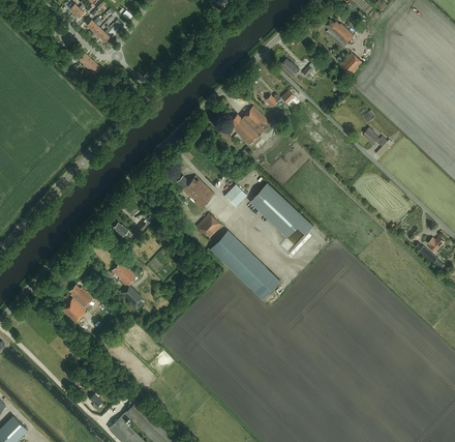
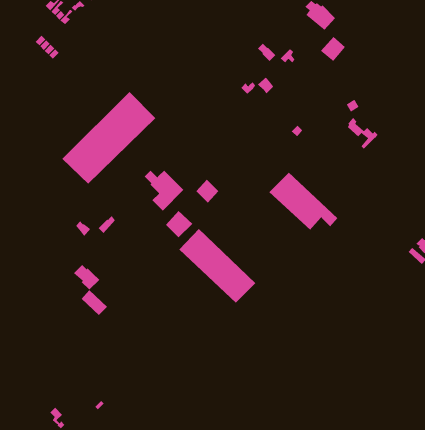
building: none -> [62,91,156,184]
building: [229,107,271,145] -> none
building: [249,183,313,237] -> [269,172,338,230]
building: [61,285,94,324] -> none

